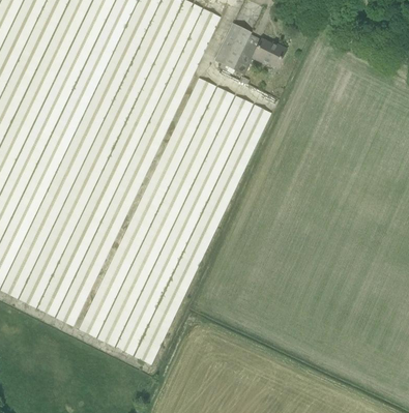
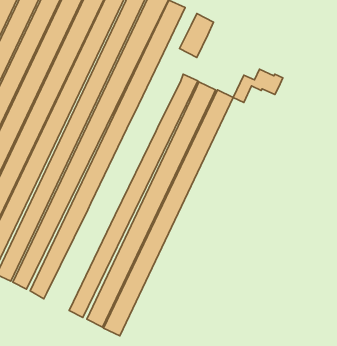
building: [233,39,286,75] -> [233,69,283,102]
building: [78,78,215,336] -> none

